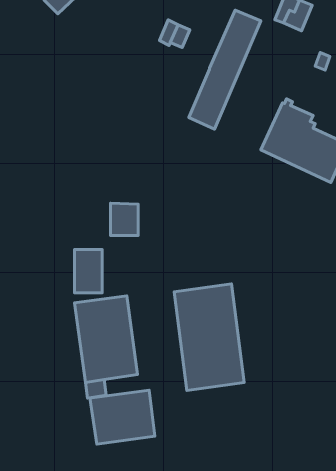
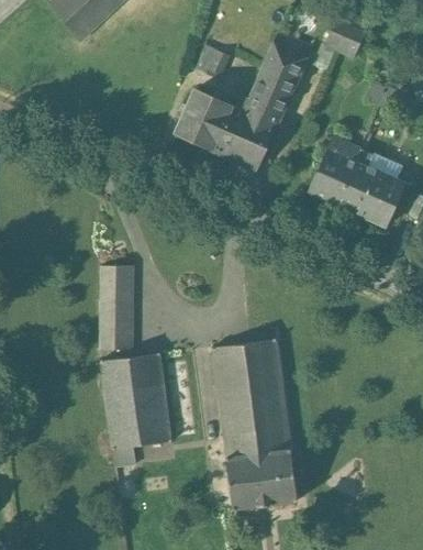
building: none -> [178,91,252,154]
building: [110,203,138,236] -> [101,265,132,301]
building: [90,390,155,444] -> [224,450,297,510]

